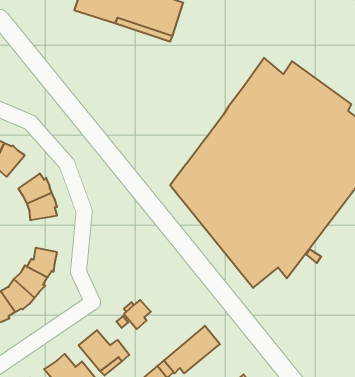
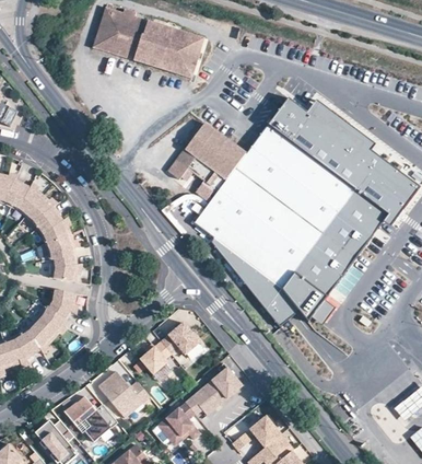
building: none -> [166,121,245,202]
building: none -> [25,194,59,228]
building: none -> [49,255,80,281]
building: none -> [161,322,200,353]

